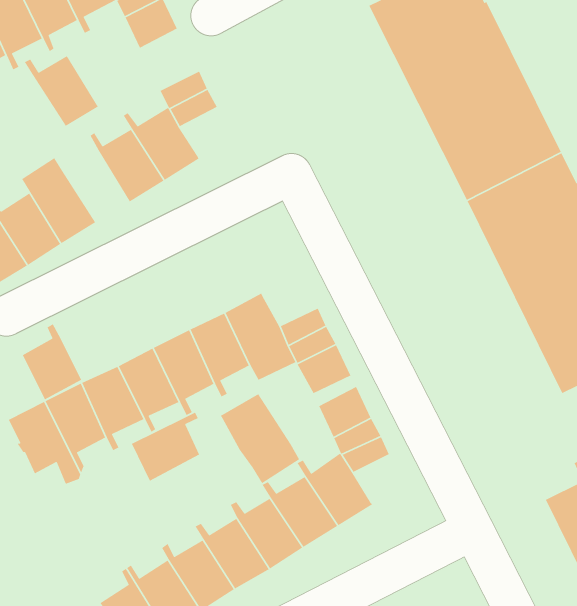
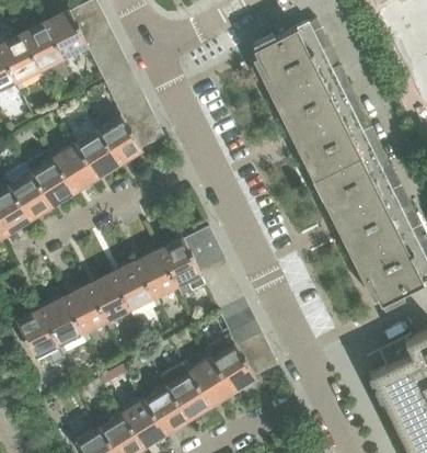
building: none -> [104,72,140,105]
building: [24,55,99,127] -> [45,145,94,192]
building: none -> [127,116,162,148]
building: none -> [182,227,218,260]
building: [22,323,82,400] -> none
building: [220,393,300,484] -> none
building: [131,412,200,482] -> none
building: none -> [241,344,276,376]

